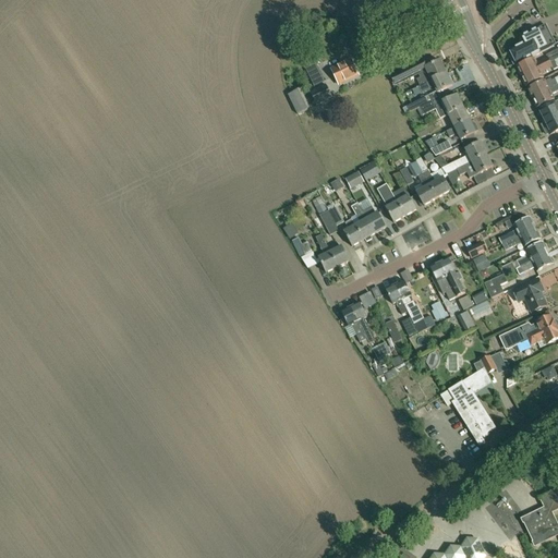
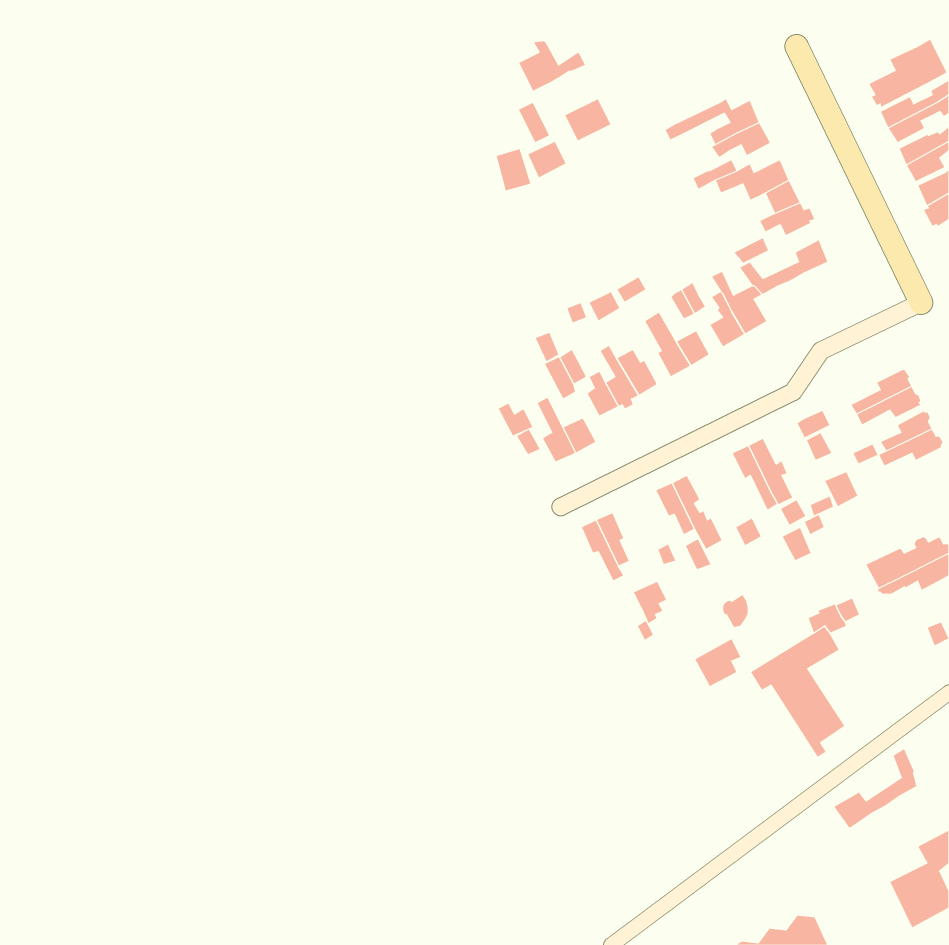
building: none -> [518,40,586,91]
building: [457,154,493,182] -> none
building: [513,278,546,311] -> none
building: none -> [834,748,918,829]

